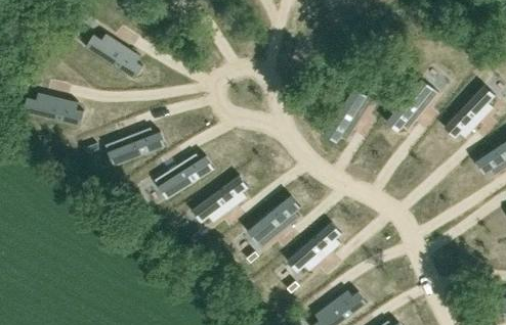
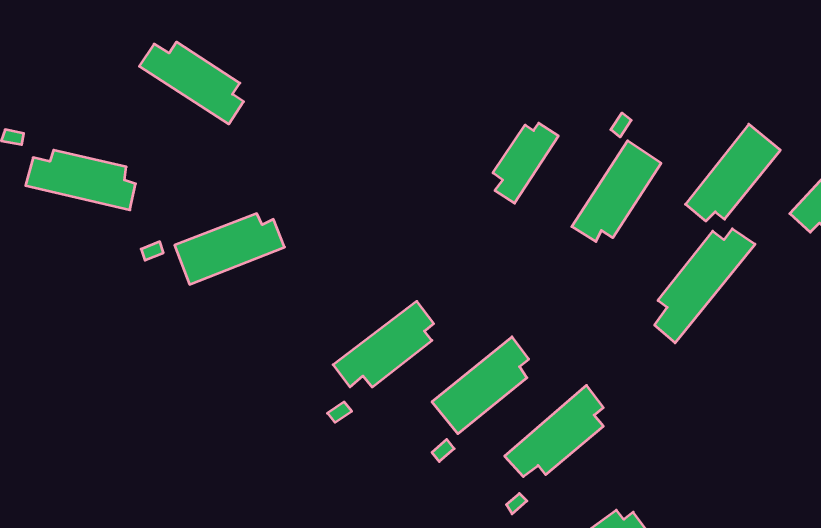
building: none -> [493,123,558,203]
building: none -> [655,229,755,343]
building: [154,153,213,199] -> none

